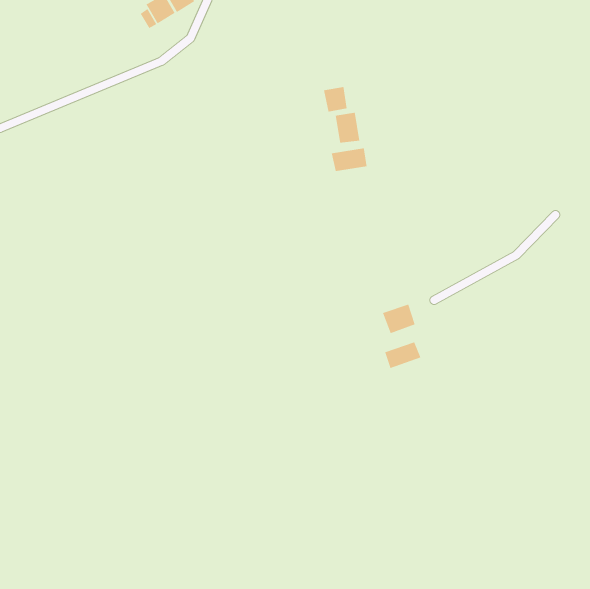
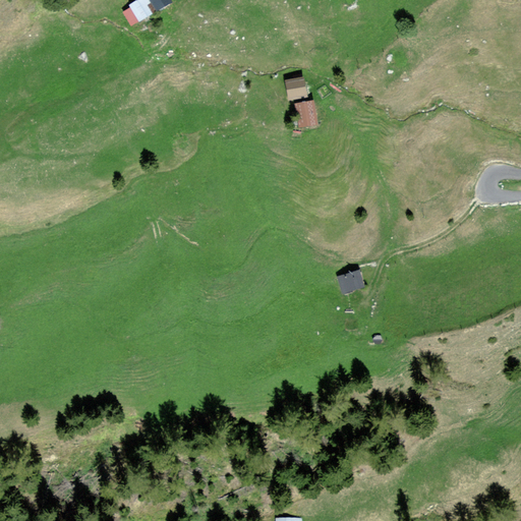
building: [331,148,367,172] -> none
building: [384,342,421,369] -> none

